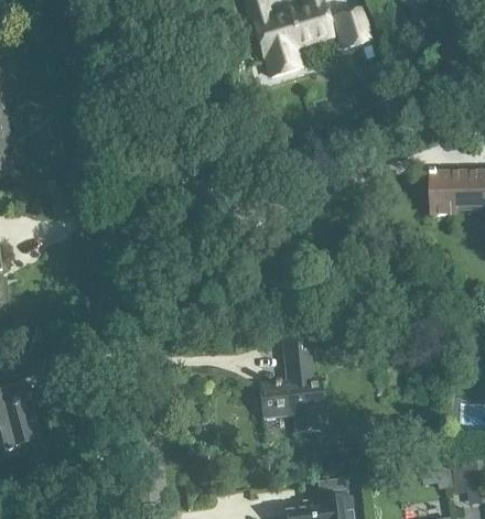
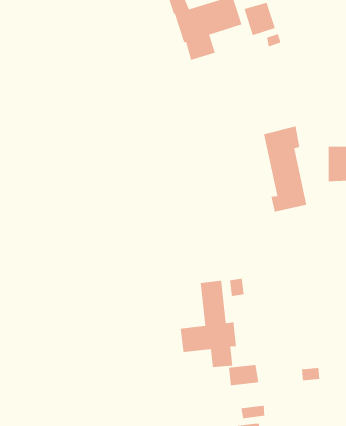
building: none -> [263,125,307,212]
building: none -> [228,364,259,386]

